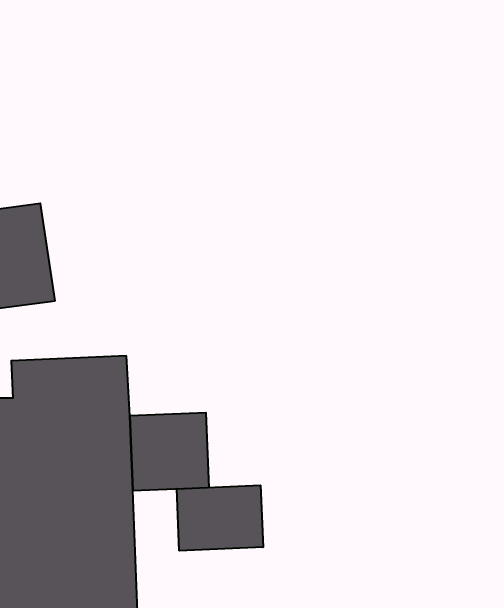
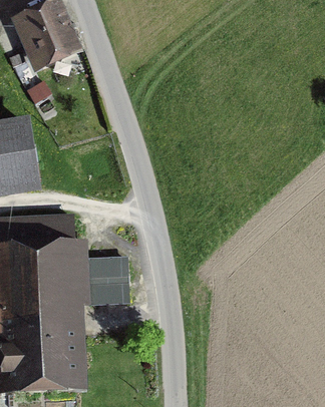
building: none -> [17,6,77,70]
building: [177,485,263,551] -> none

